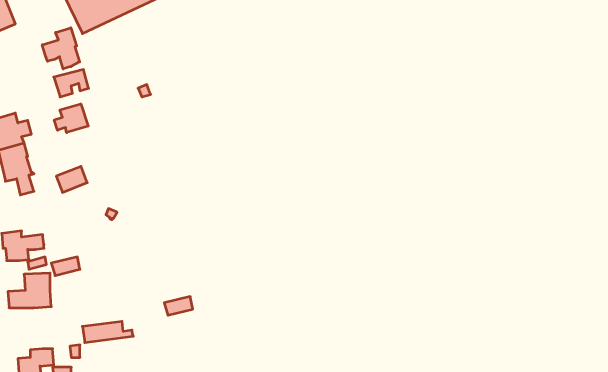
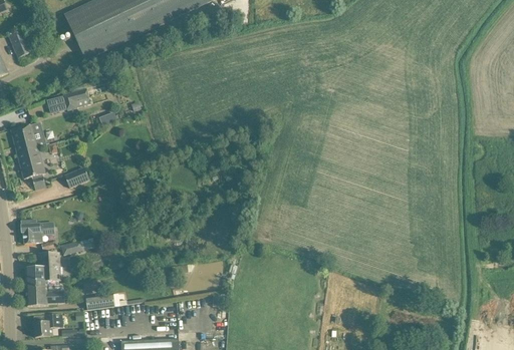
building: [42,28,80,69] -> none
building: [54,104,88,133] -> none
building: none -> [25,281,63,305]

